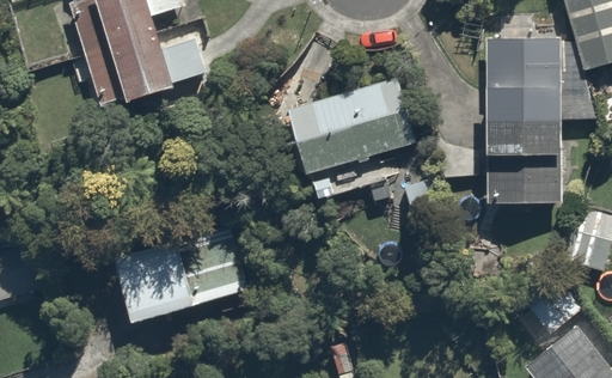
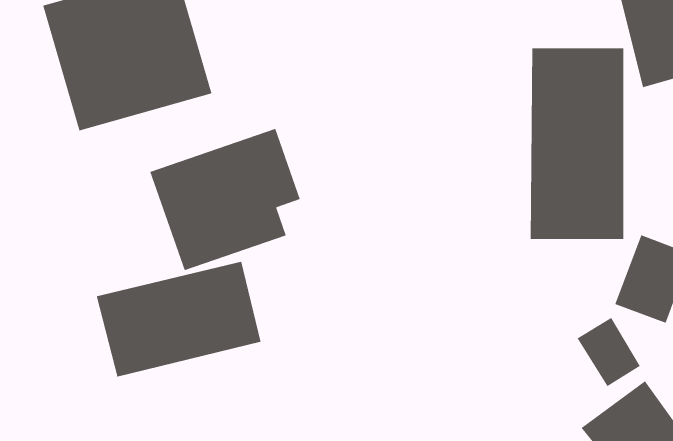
building: [288,74,417,196] -> [149,128,301,271]

